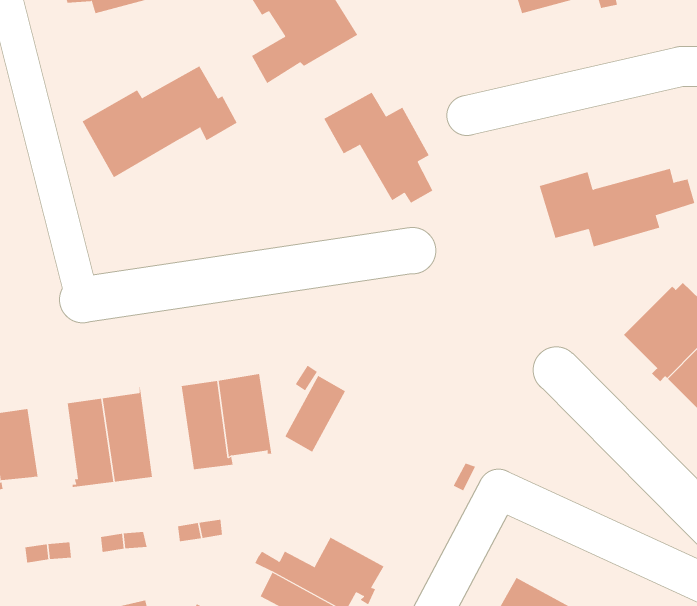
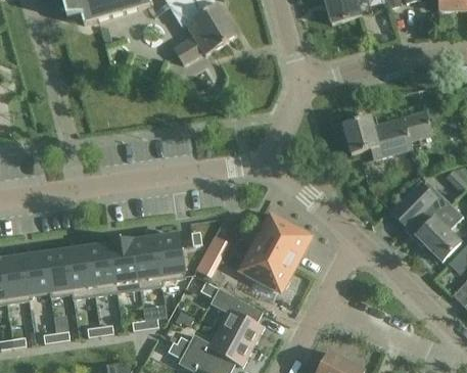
building: [82,65,238,178] -> none
building: [323,92,433,203] -> none
building: none -> [240,215,309,290]
building: none -> [109,239,140,292]
building: none -> [44,249,73,296]
building: none -> [199,281,264,344]

